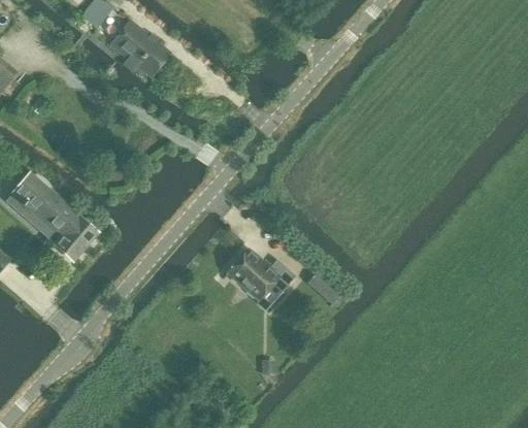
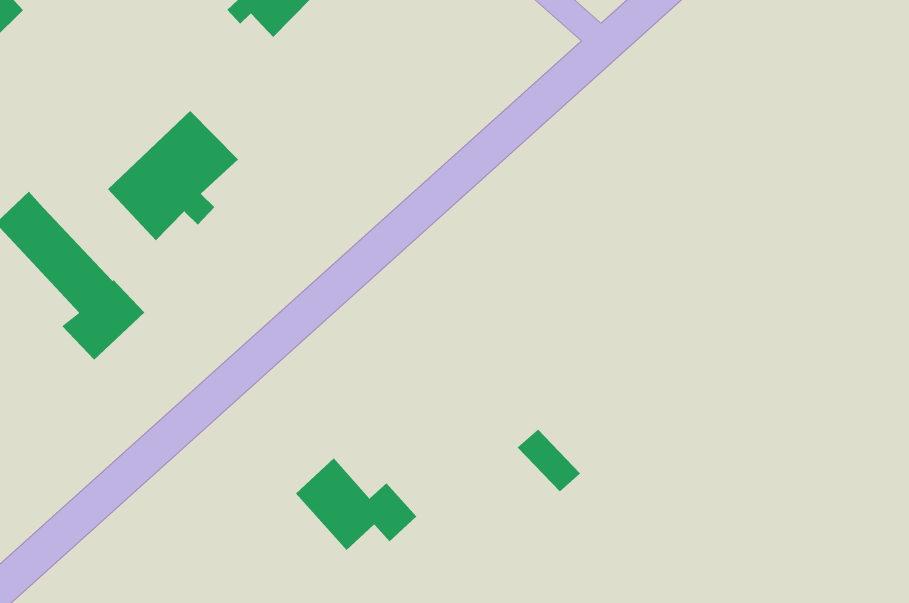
building: none -> [107,110,239,241]
building: [227,251,294,300] -> [295,458,417,551]

